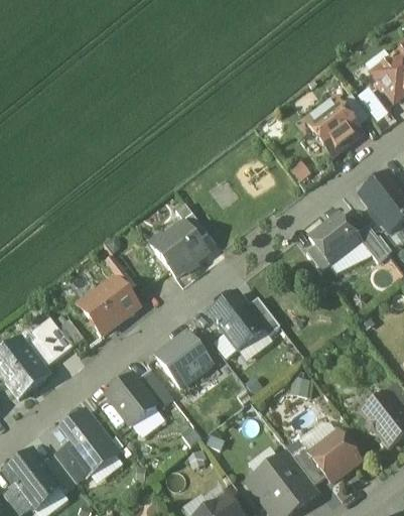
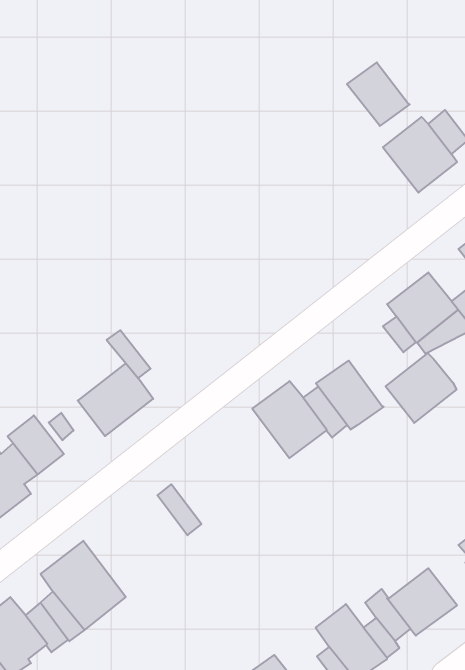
building: none -> [347,62,410,126]
building: [149,221,207,275] -> none
building: none -> [386,353,456,423]
building: none -> [316,361,384,430]
building: [156,331,212,387] -> none
building: [106,373,156,424] -> none

